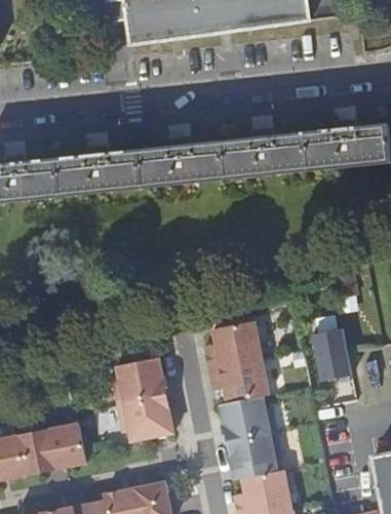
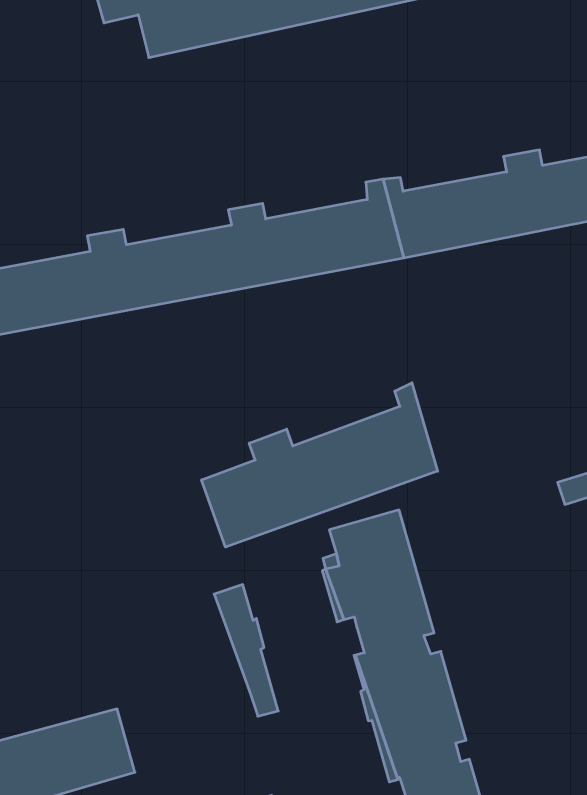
building: none -> [202,383,438,547]
building: [314,325,355,379] -> none
building: [113,362,161,442] -> none

